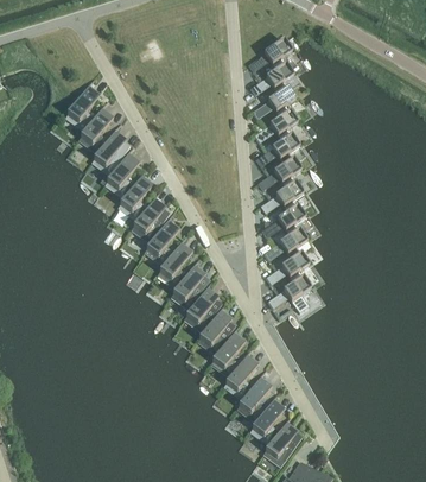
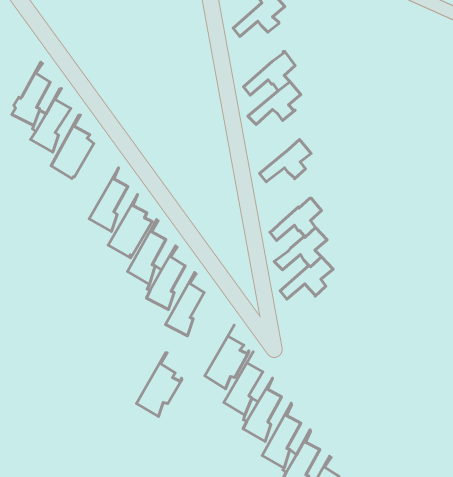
building: [249,63,293,95] -> none
building: [255,134,298,166] -> none
building: [106,144,139,194] -> none
building: [259,182,303,213] -> none
building: [267,277,310,312] -> none
building: [184,278,222,328] -> [136,353,182,416]

